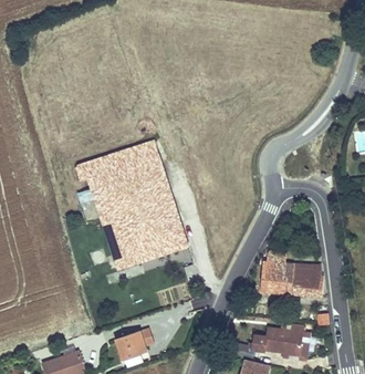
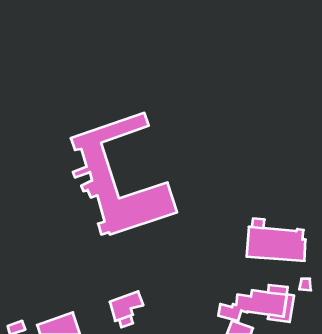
building: [108,154,178,230] -> none

